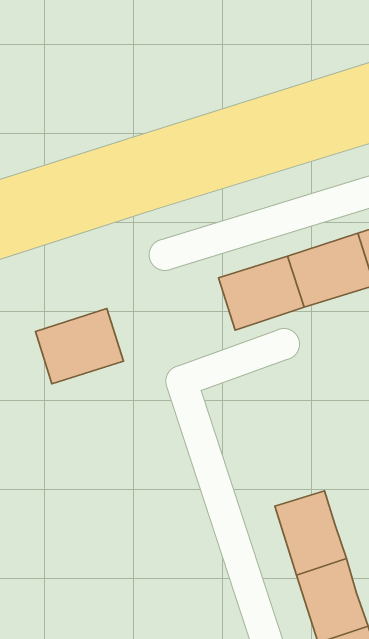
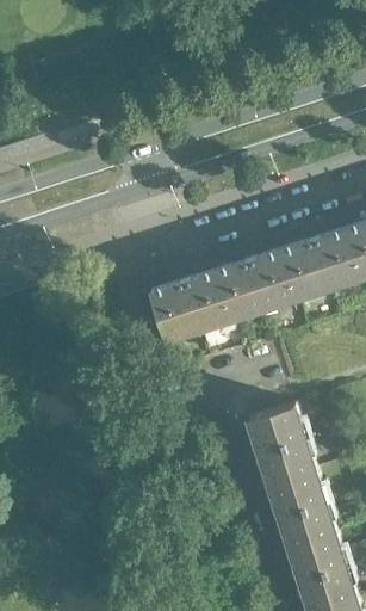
building: [35,309,124,384] -> [145,270,228,340]
building: none -> [243,403,311,483]

